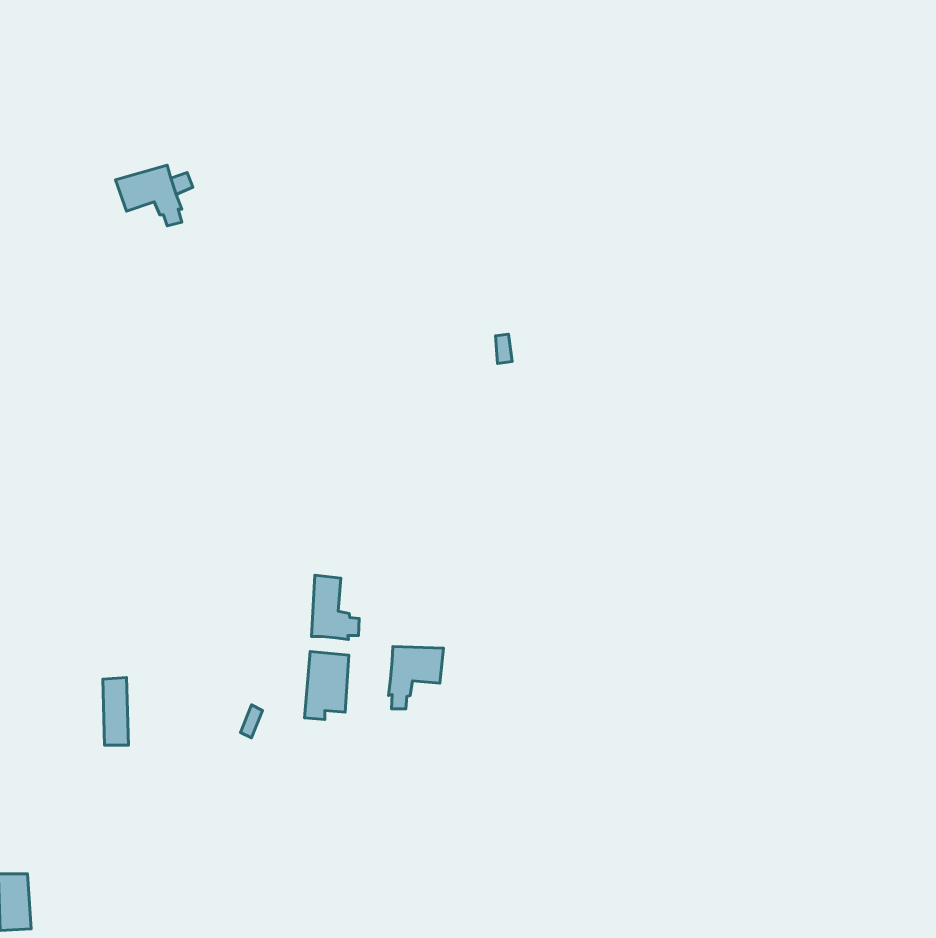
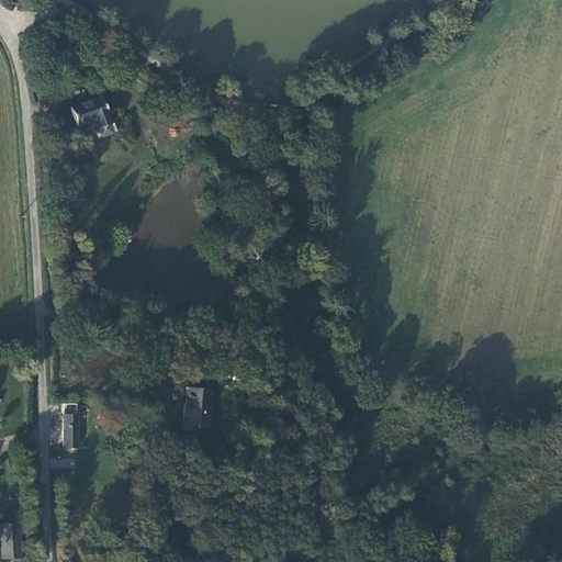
building: [311,575,359,639] -> none
building: [389,646,443,709] -> none

